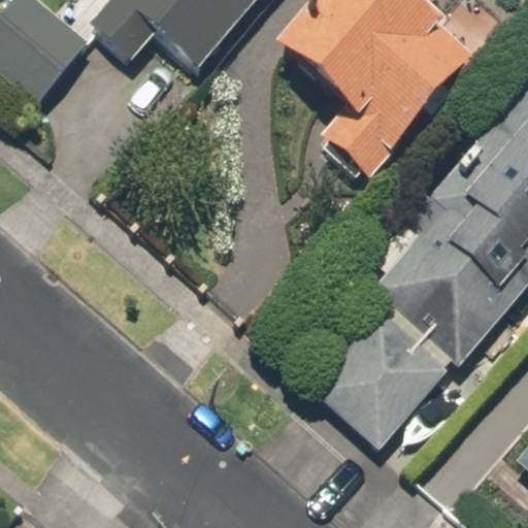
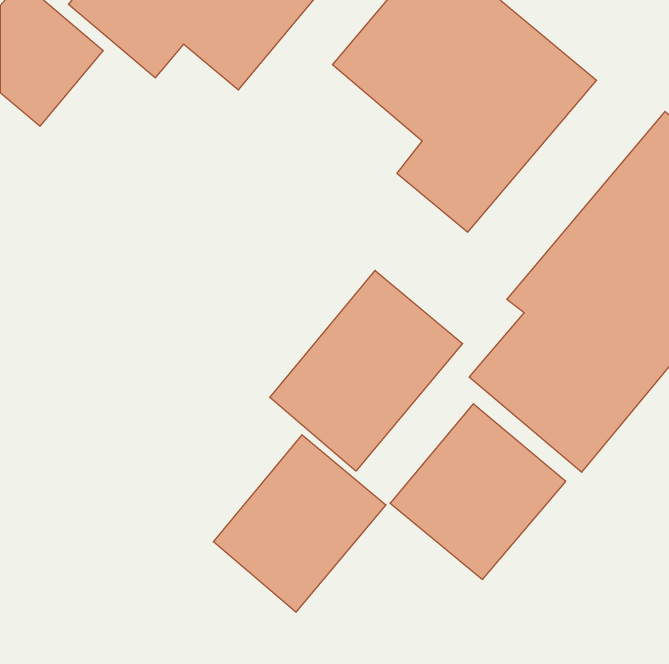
building: none -> [270,270,463,471]
building: none -> [213,435,386,612]

